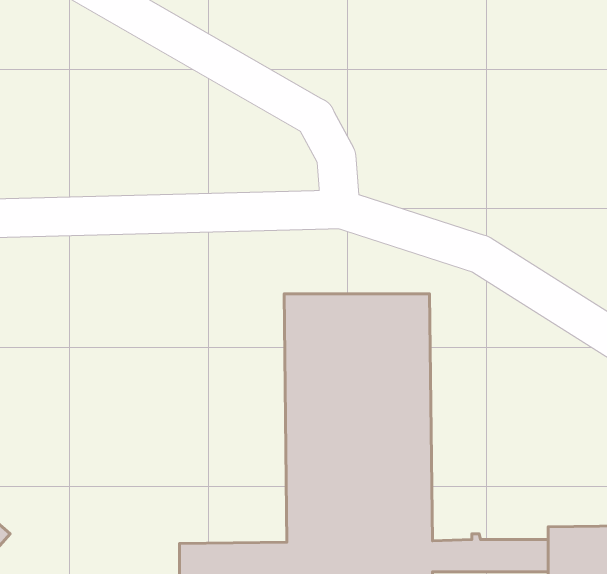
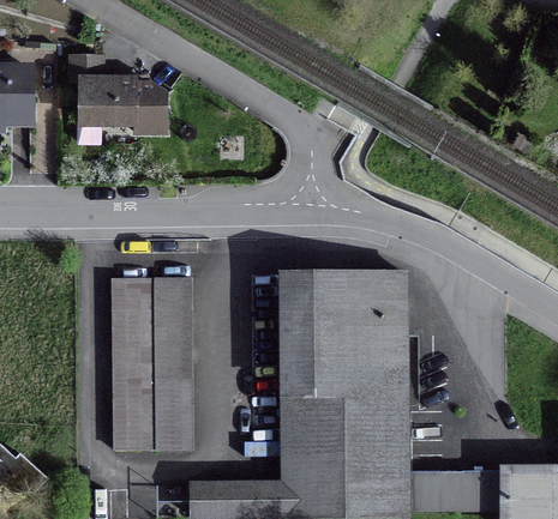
building: none -> [70,58,163,131]
building: none -> [112,277,190,451]

